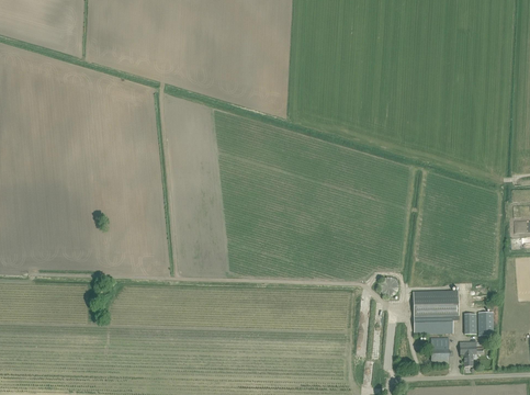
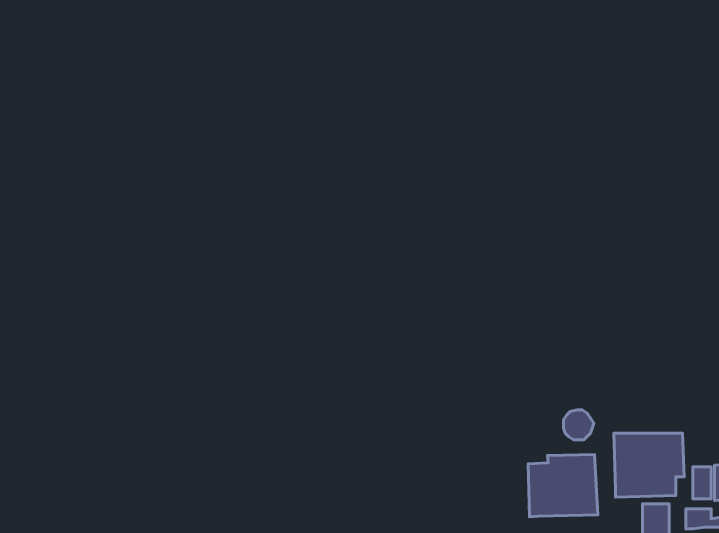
building: none -> [528,455,598,517]

